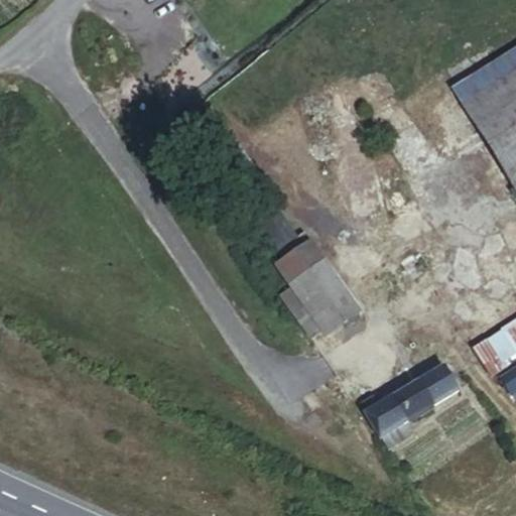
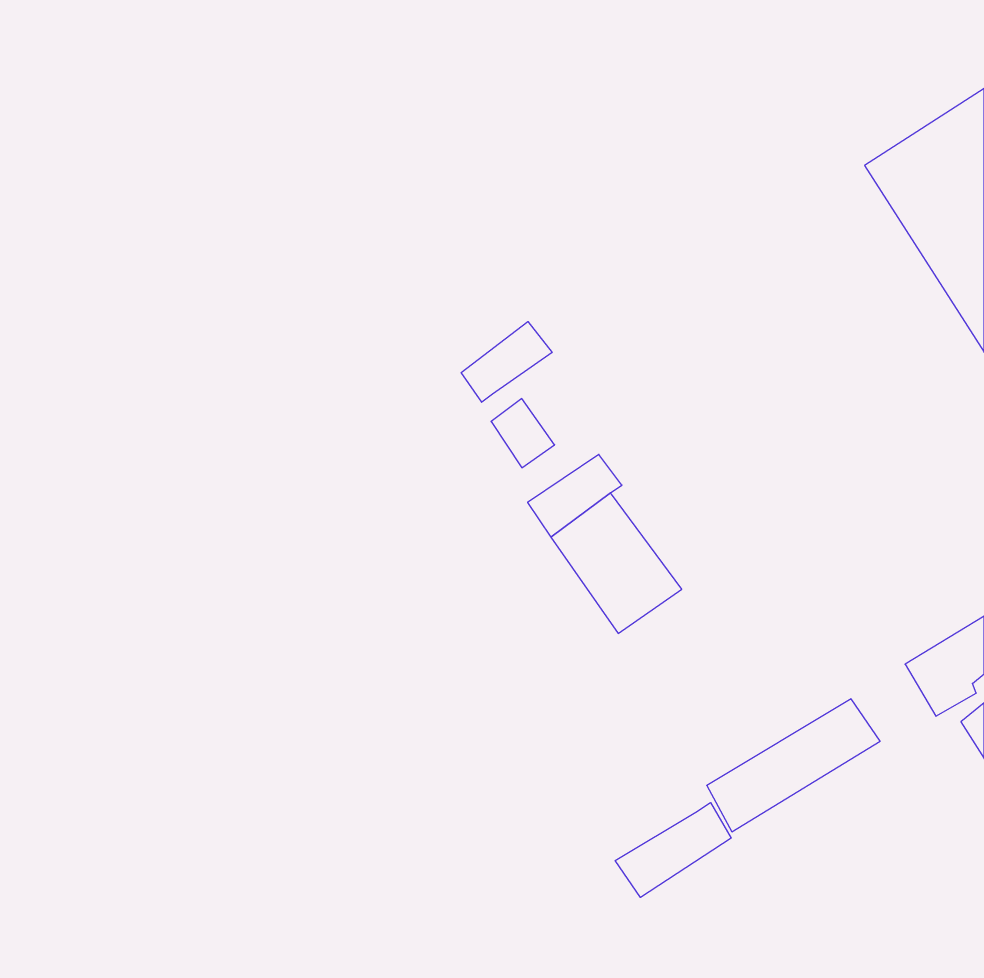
building: none -> [461,322,552,402]
building: none -> [615,803,731,897]

